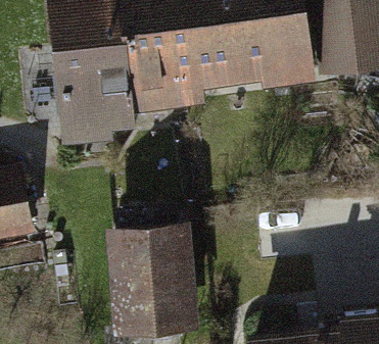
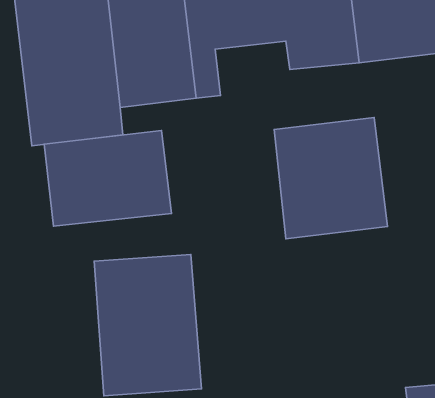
building: none -> [274,117,387,239]
building: none -> [44,131,171,226]

